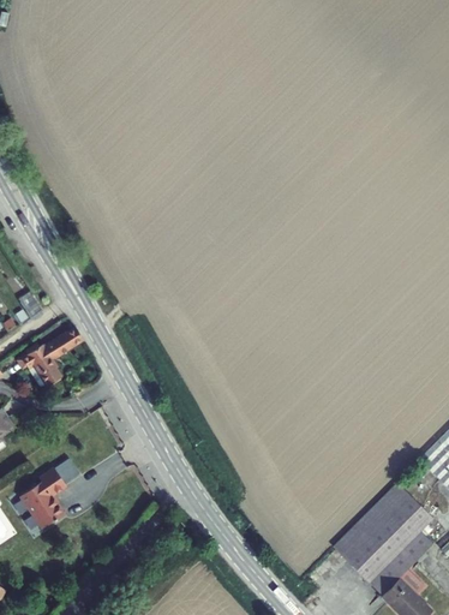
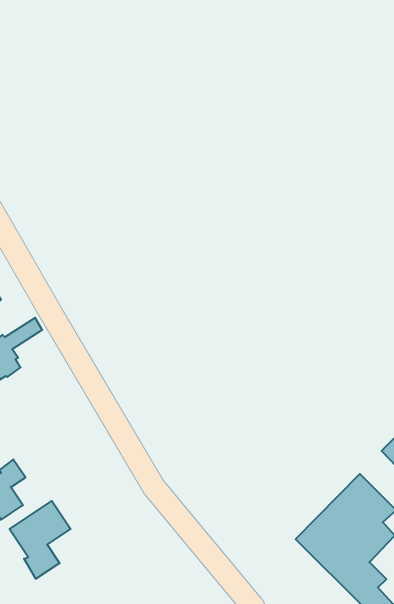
building: none -> [10,501,71,579]

